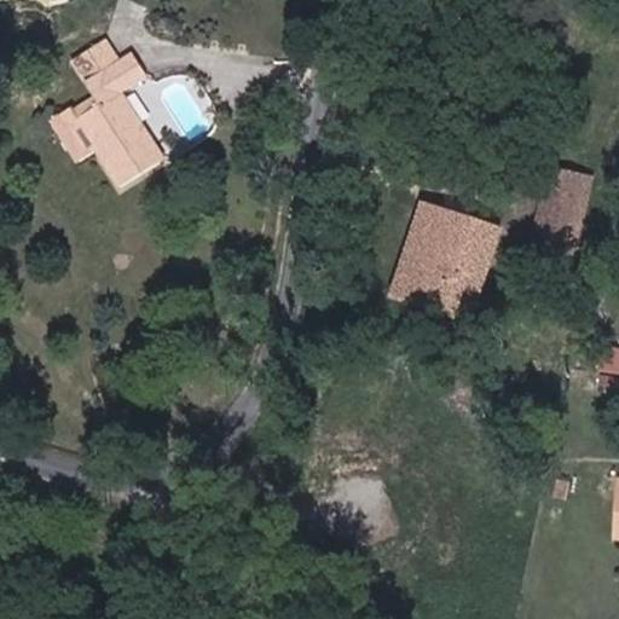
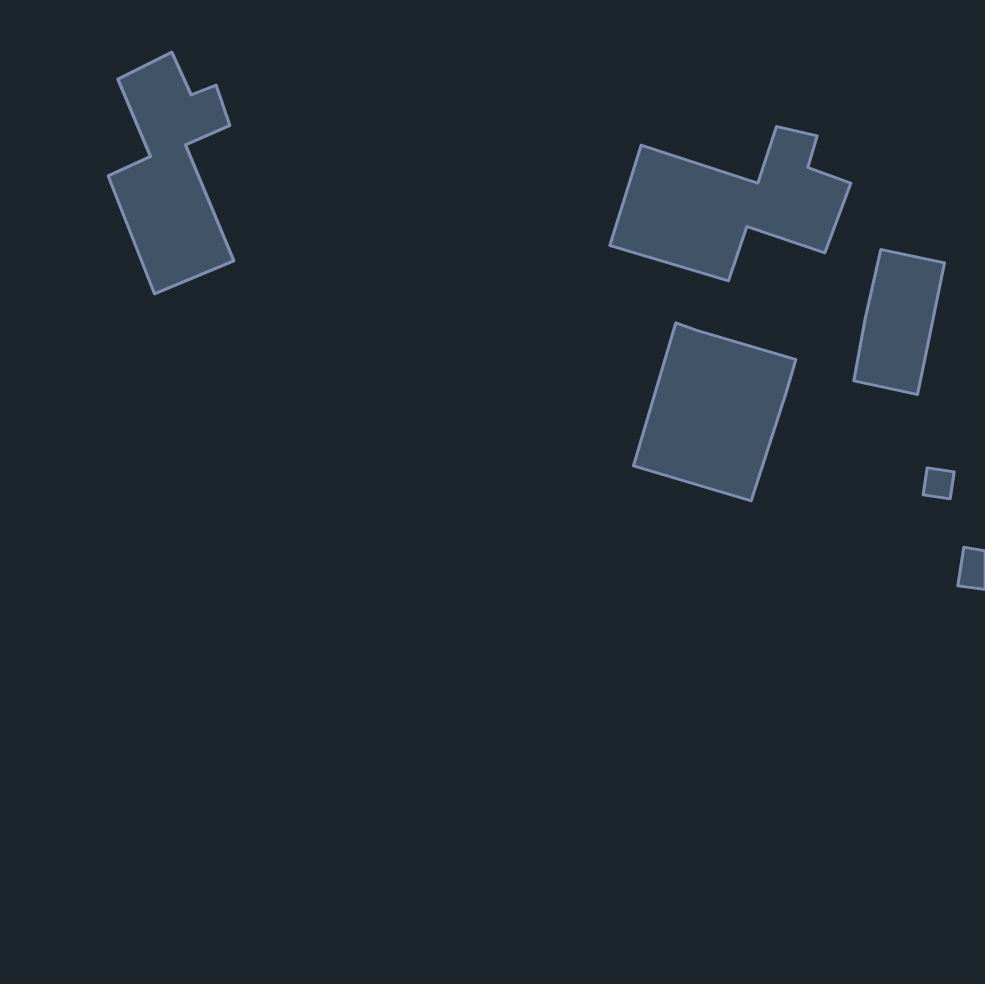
building: none -> [610,127,851,281]

